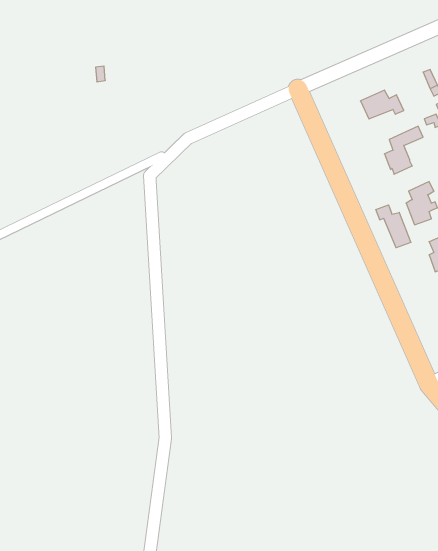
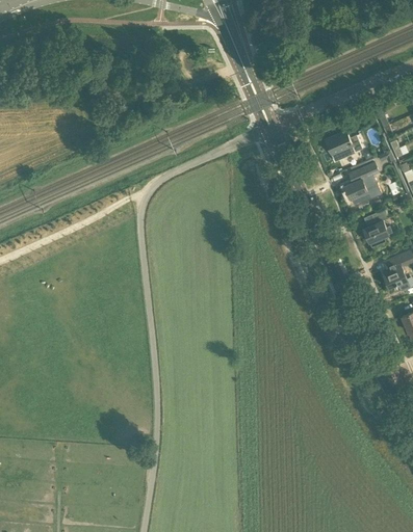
building: [376,205,411,248] -> none

